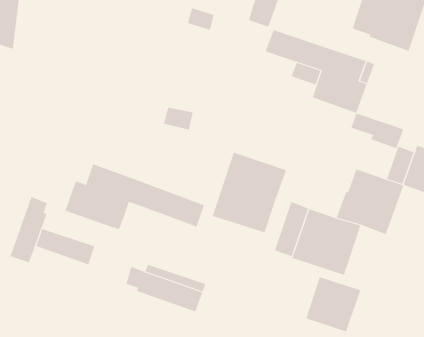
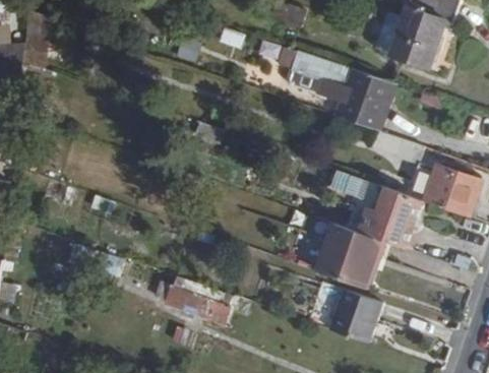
building: [212,152,287,233] -> none
building: [65,163,204,230] -> none
building: [10,196,48,263] -> none

